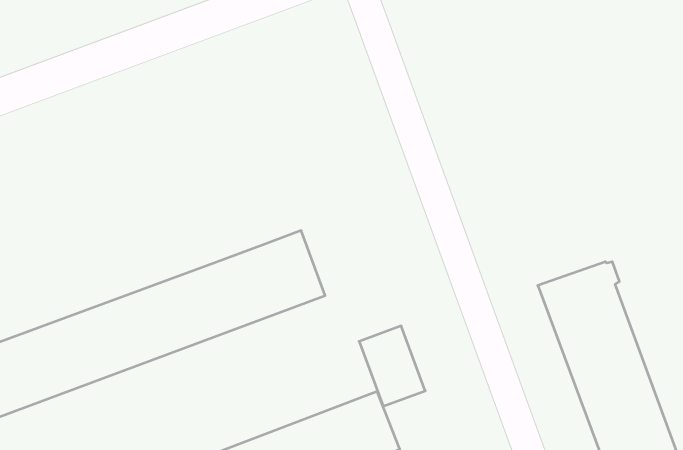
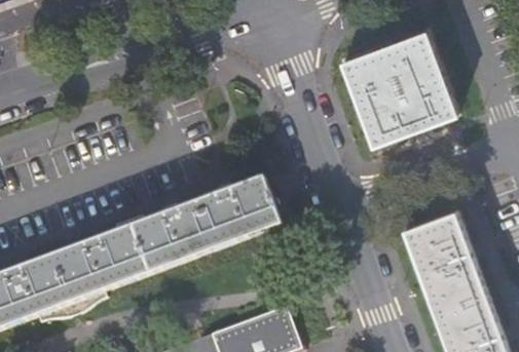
building: none -> [346,41,462,155]
building: [359,326,425,406] -> [230,175,279,234]

